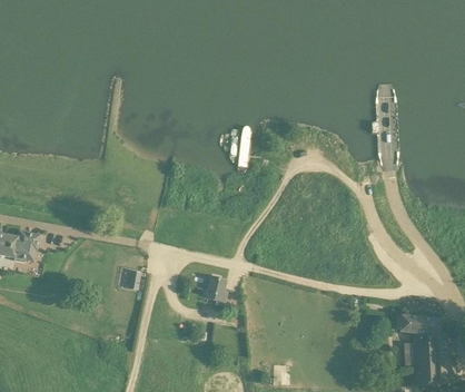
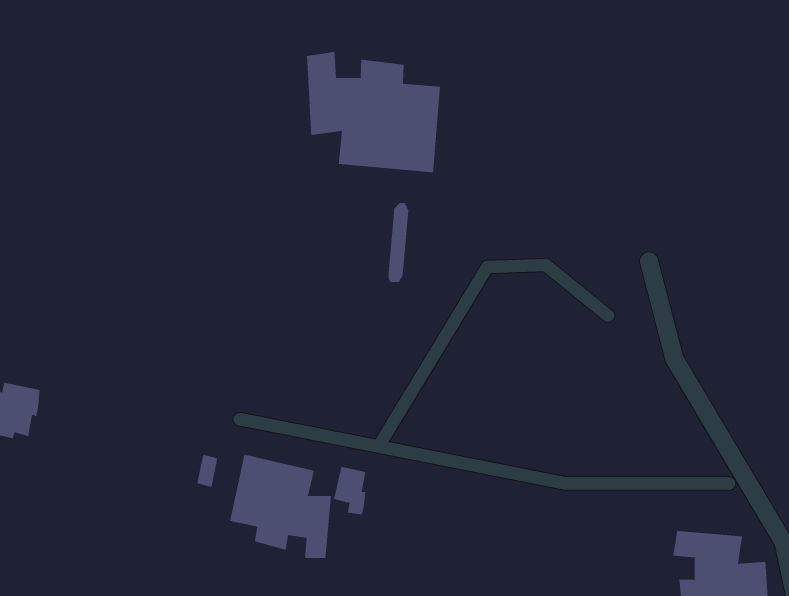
building: none -> [307,51,440,173]
building: none -> [230,454,332,559]

